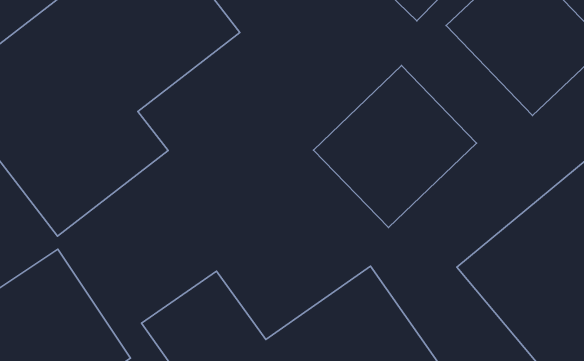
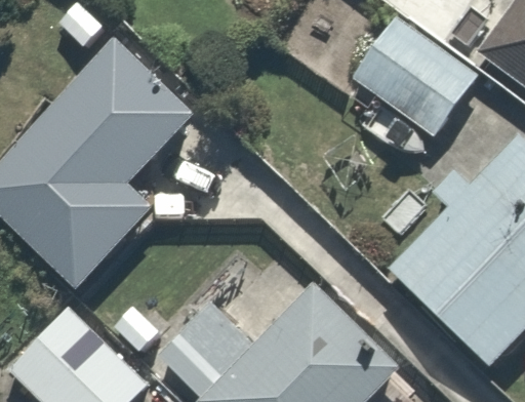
building: [313,66,476,228] -> none

